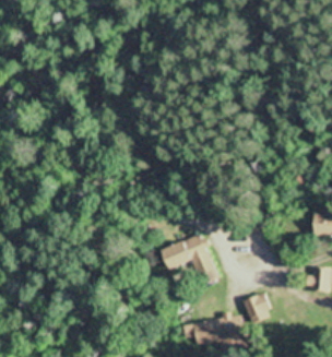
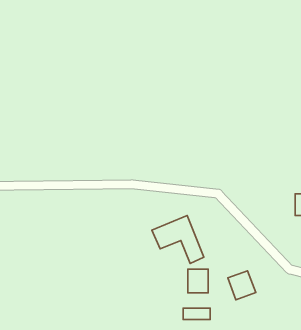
building: none -> [188,269,208,293]

